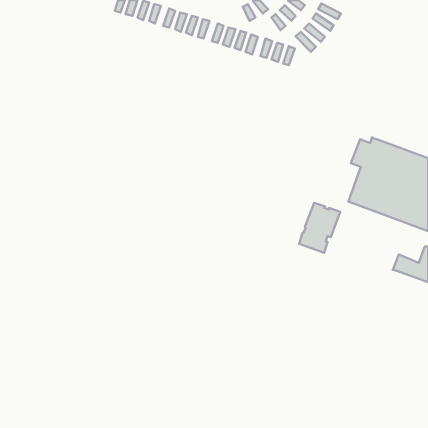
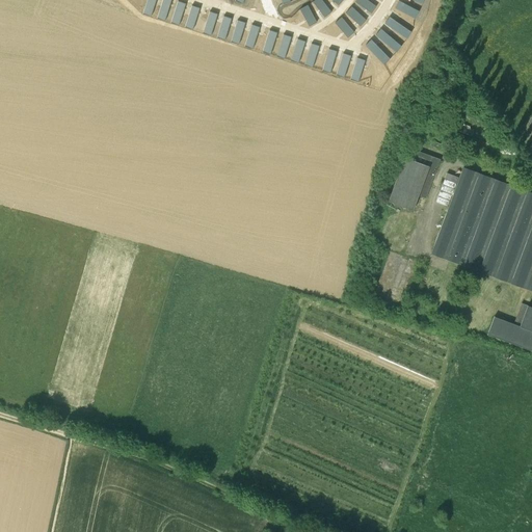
building: none -> [389,148,441,210]

